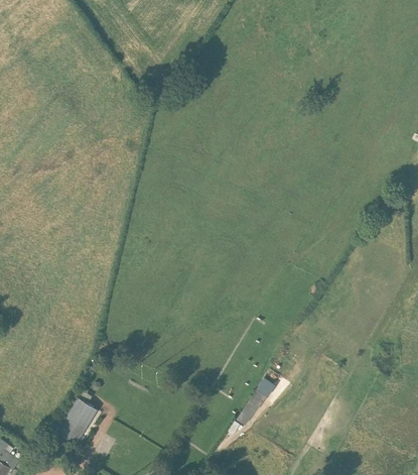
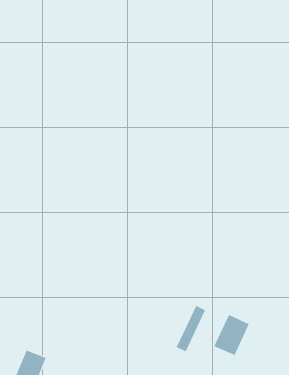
building: none -> [214,314,250,356]

